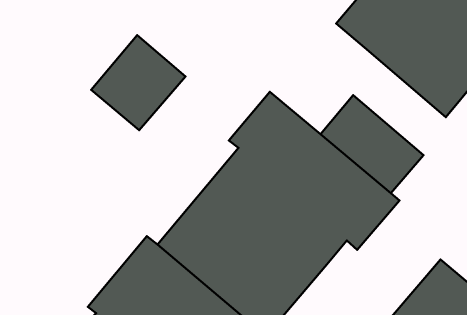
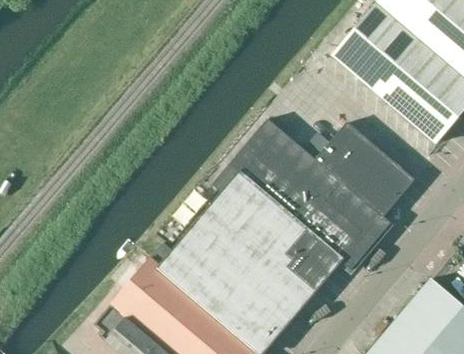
building: [91,35,186,130] -> none

